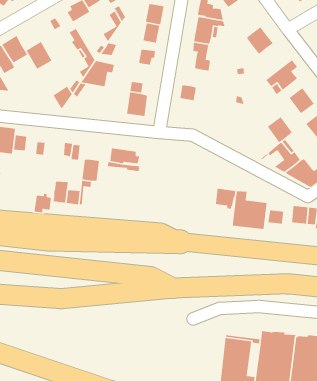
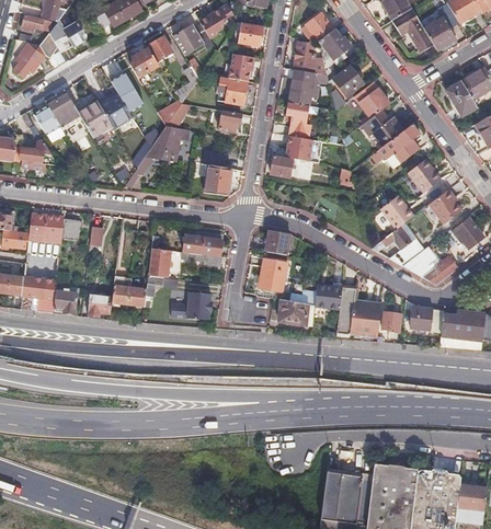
building: none -> [328,65,362,110]
building: none -> [98,90,132,127]
building: none -> [357,110,412,149]
building: none -> [285,136,312,161]
building: none -> [265,229,289,254]
building: none -> [262,257,287,291]
building: none -> [54,290,78,313]
building: none -> [171,291,214,320]
building: none -> [279,299,316,326]

